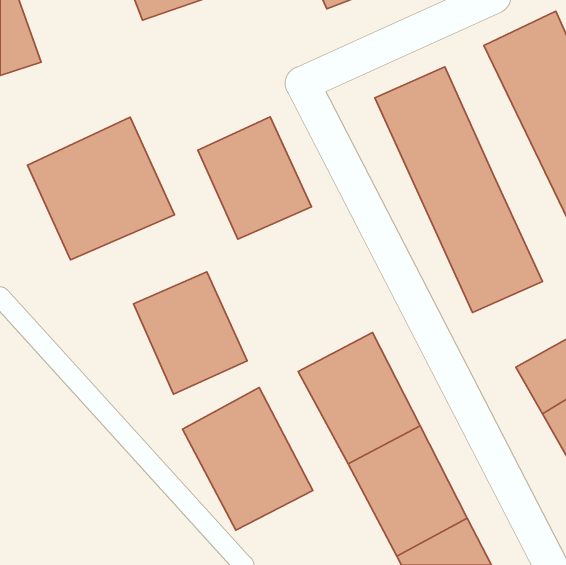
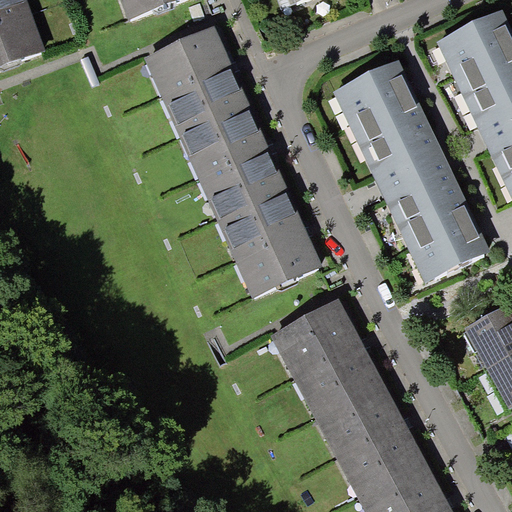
building: none -> [143,25,245,135]
building: [28,117,175,260] -> none
building: [134,272,247,394] -> [216,186,318,296]
building: [182,388,313,530] -> none

